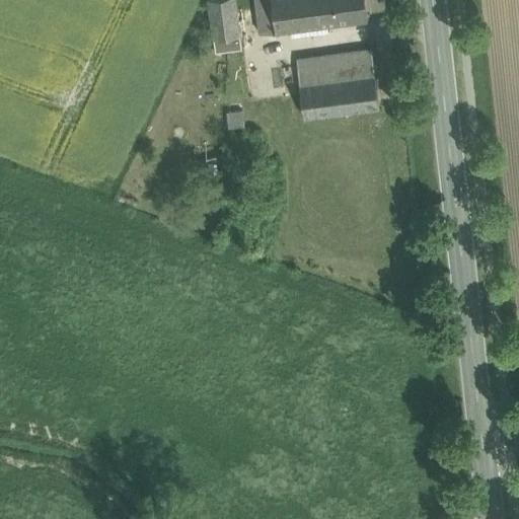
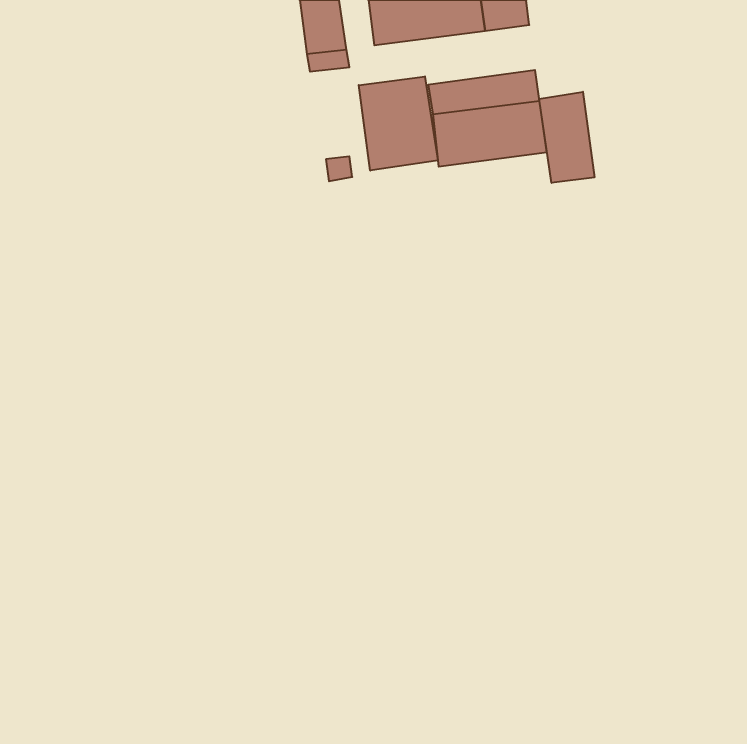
building: none -> [359,76,438,171]
building: none -> [539,92,594,183]

